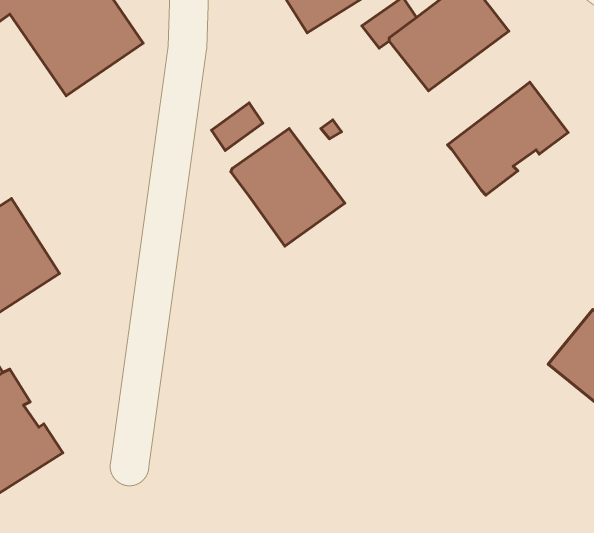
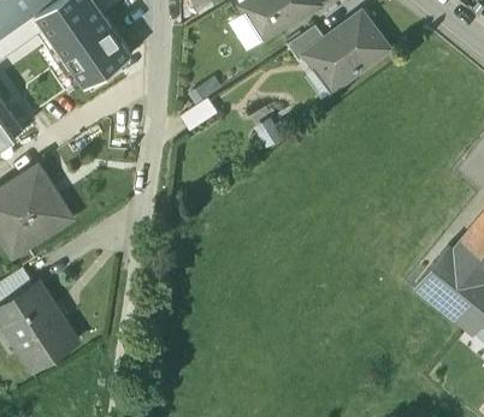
building: [448,82,568,195] -> none
building: [231,128,345,246] -> none

